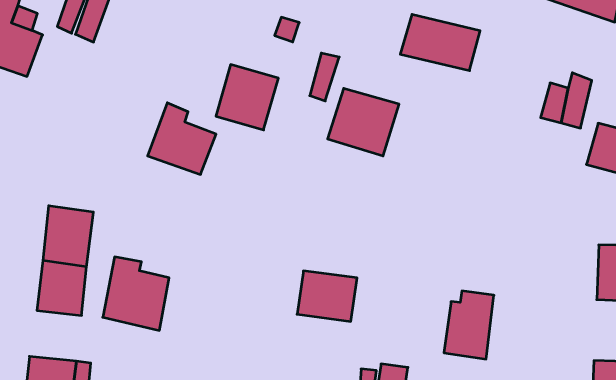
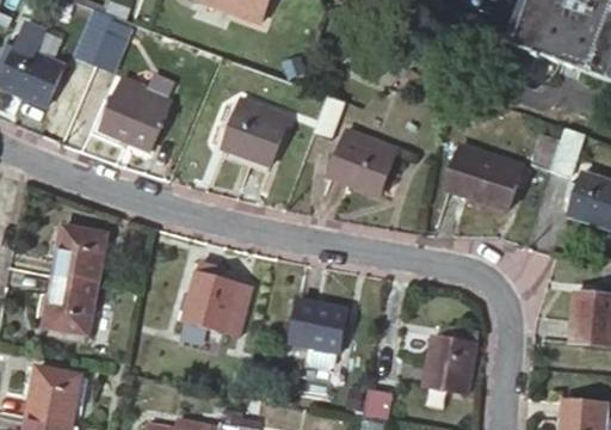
building: [400,14,480,71] -> [443,154,519,210]
building: [148,103,216,174] -> [103,76,168,146]
building: [103,257,169,330] -> [183,263,247,334]

